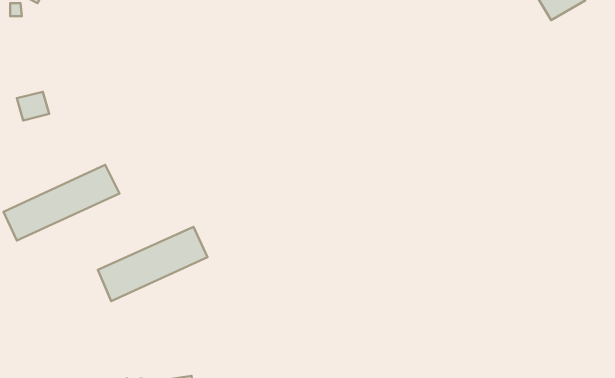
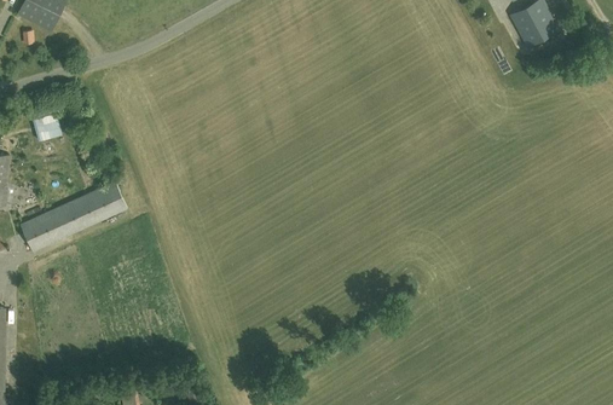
building: [98,227,207,301] -> none

